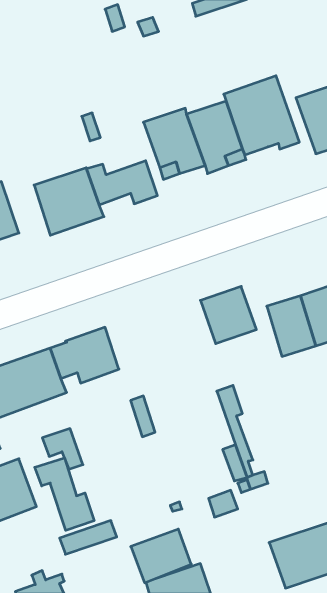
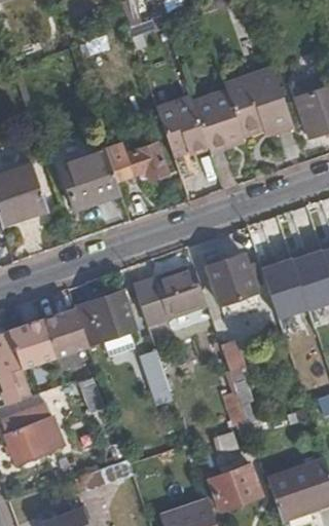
building: none -> [135,267,207,325]
building: [35,458,94,530] -> none
building: [131,529,191,583] -> [209,462,262,510]

